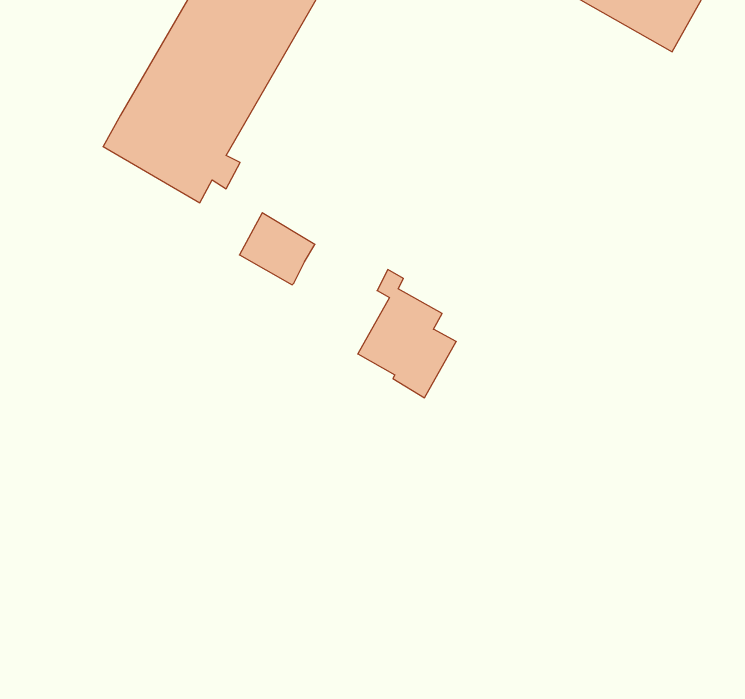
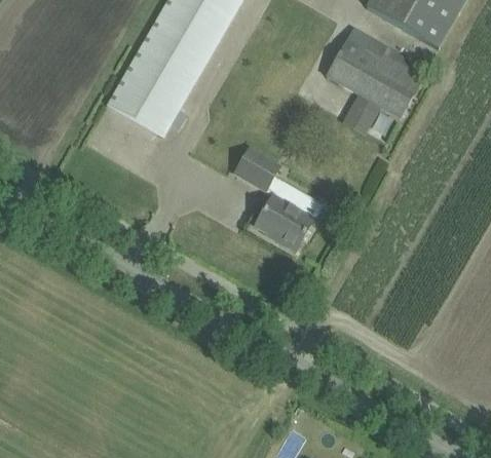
building: none -> [328,30,426,135]
building: [239,213,315,285] -> [235,147,279,189]

